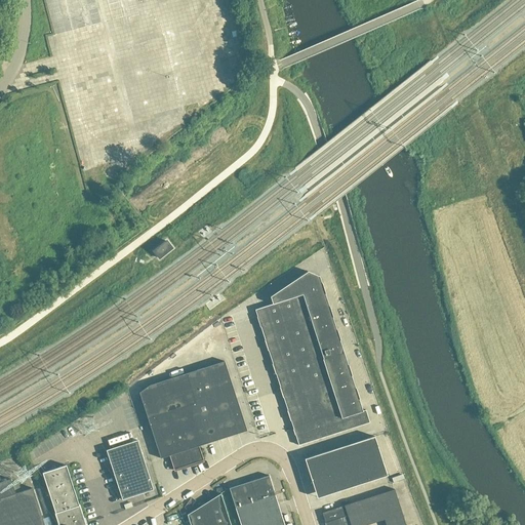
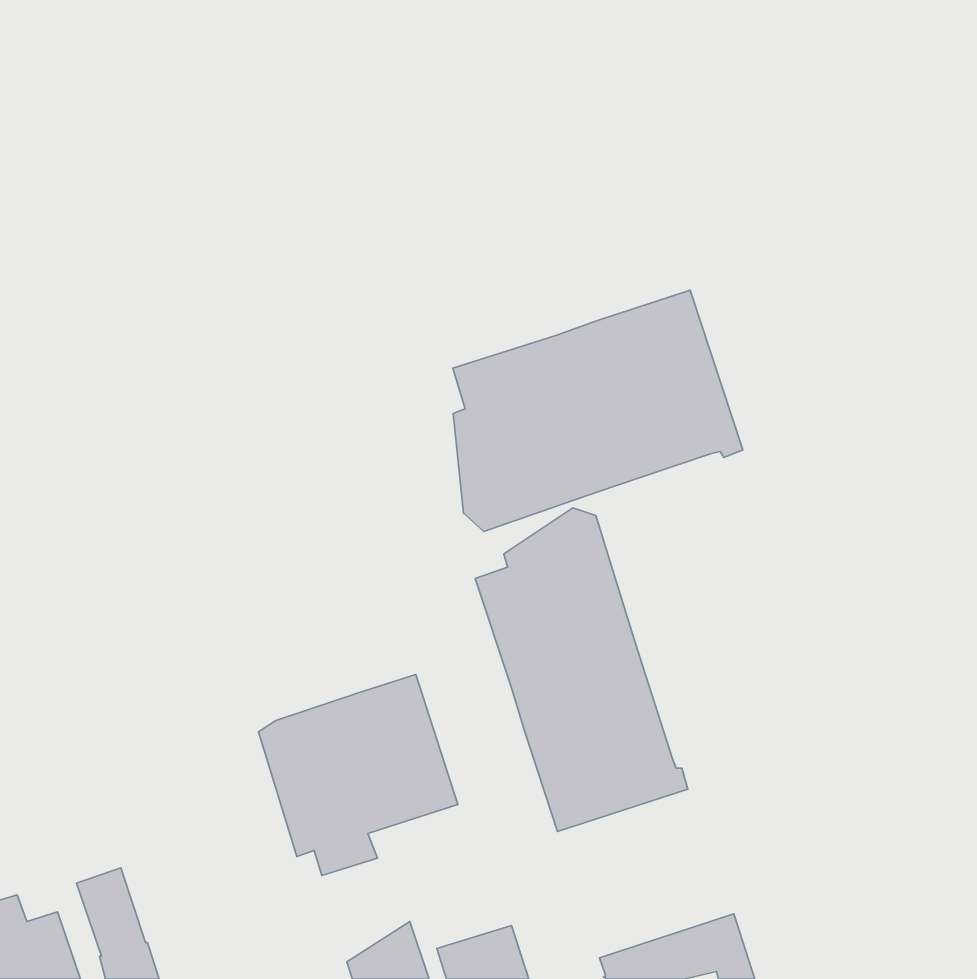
building: none -> [453,290,743,532]
building: [304,436,387,497] -> none
building: [106,440,153,499] -> none
building: [228,476,274,508] -> none

